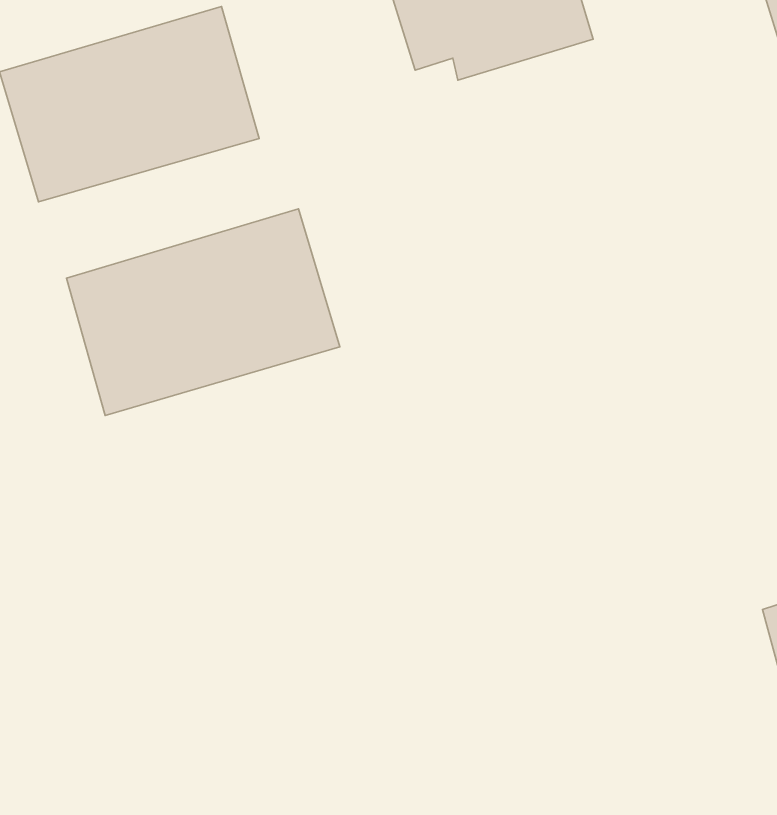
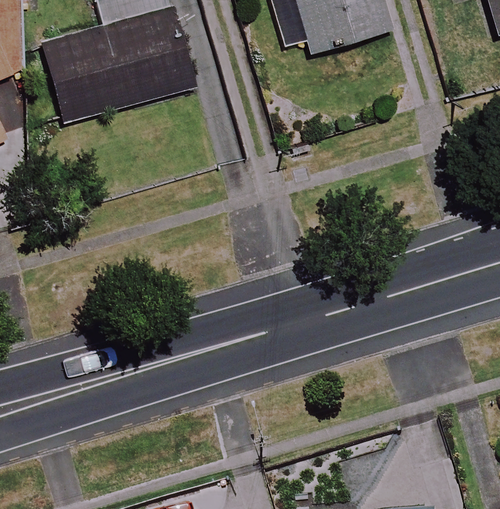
building: [67,209,340,415] -> none

